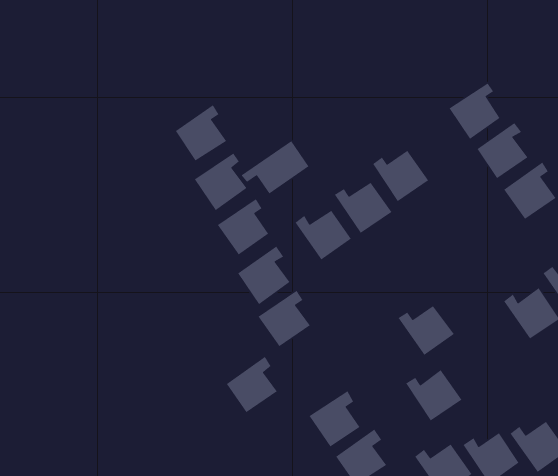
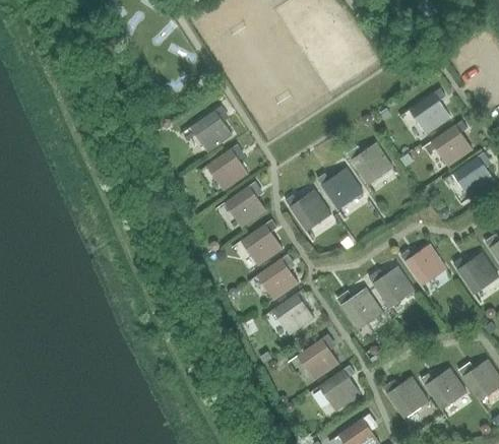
building: [240,140,309,195] -> none
building: none -> [399,245,445,286]
building: [226,356,278,413] -> [272,289,314,334]
building: [405,369,462,421] -> [336,288,382,329]

